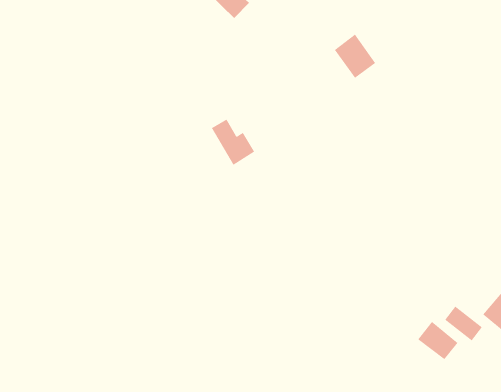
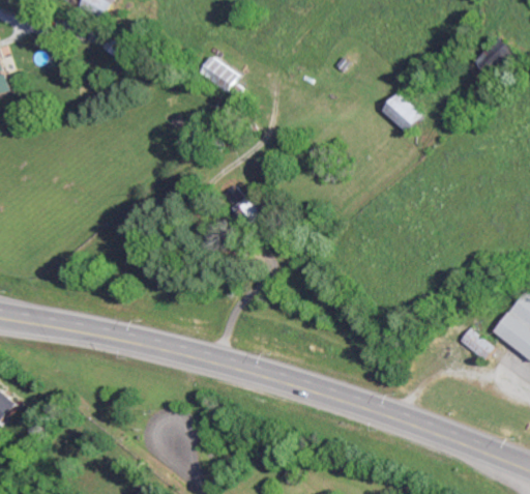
building: [334,33,376,79] -> [387,92,428,134]
building: [417,321,458,360] -> none

